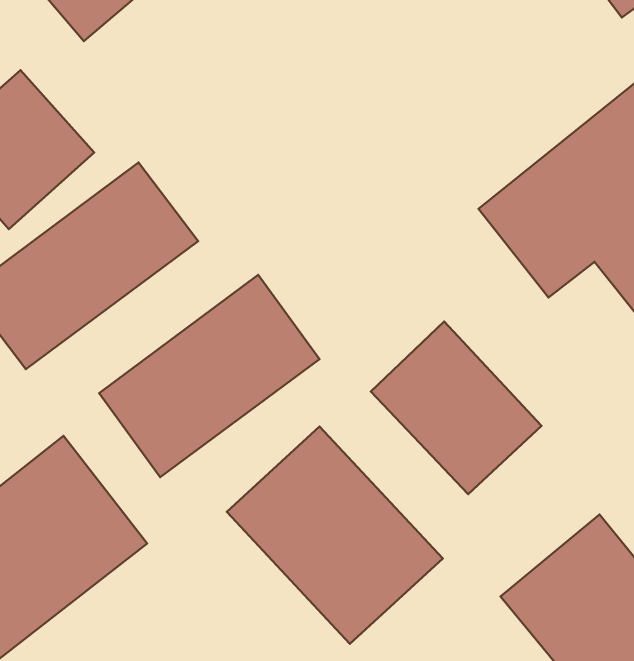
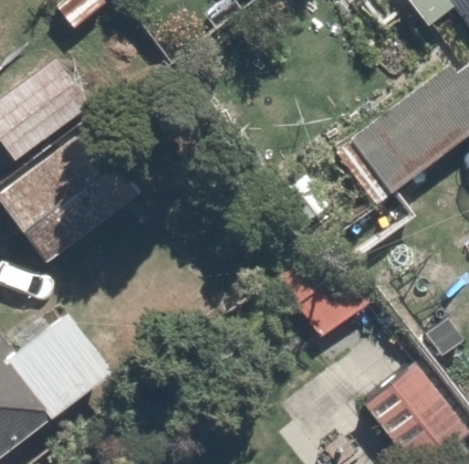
building: [99,275,319,477] -> none
building: [227,427,443,644] -> none

